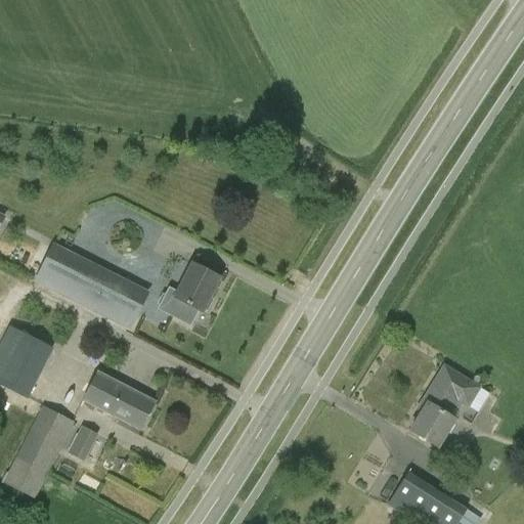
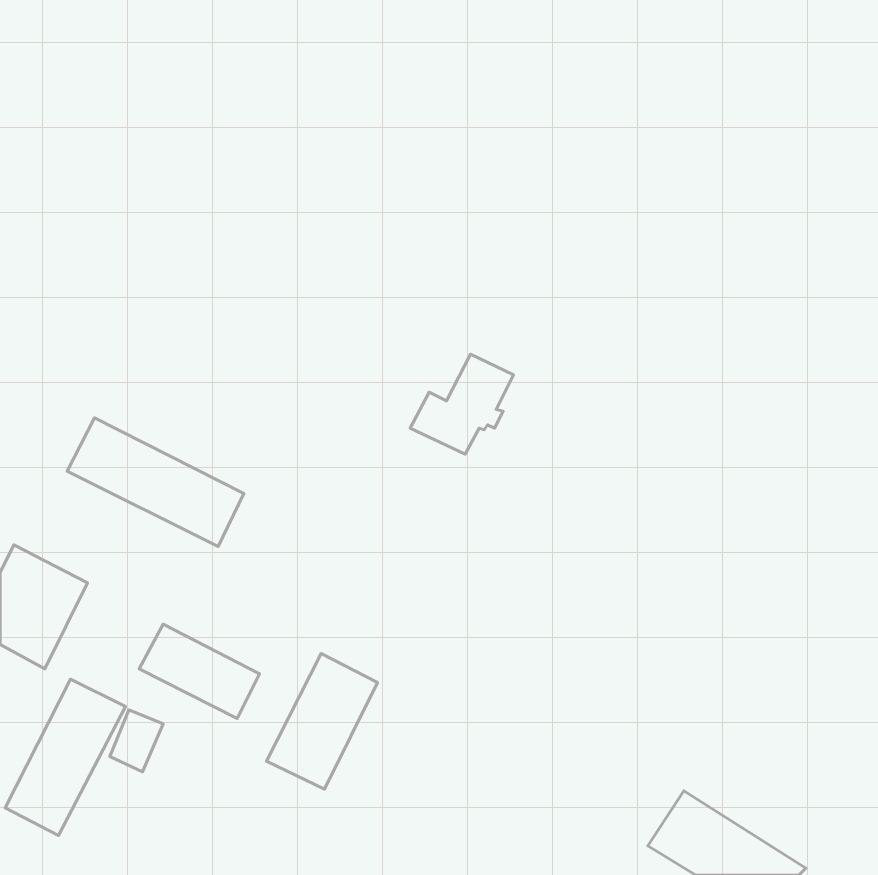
building: [157,264,218,323] -> [410,354,513,454]
building: [409,364,479,446] -> none
building: none -> [266,653,378,789]

